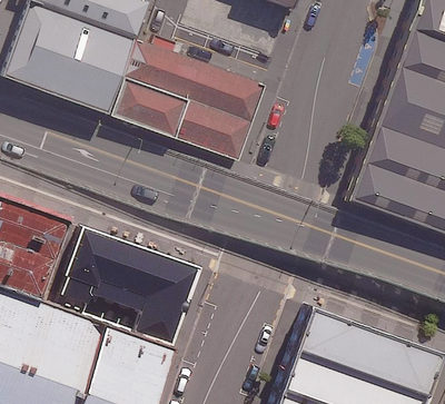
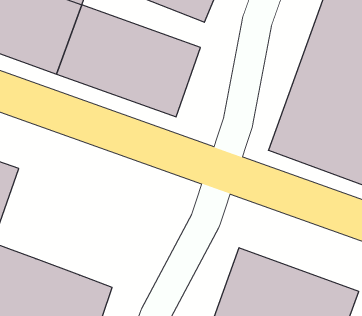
building: [57,228,199,347] -> none

